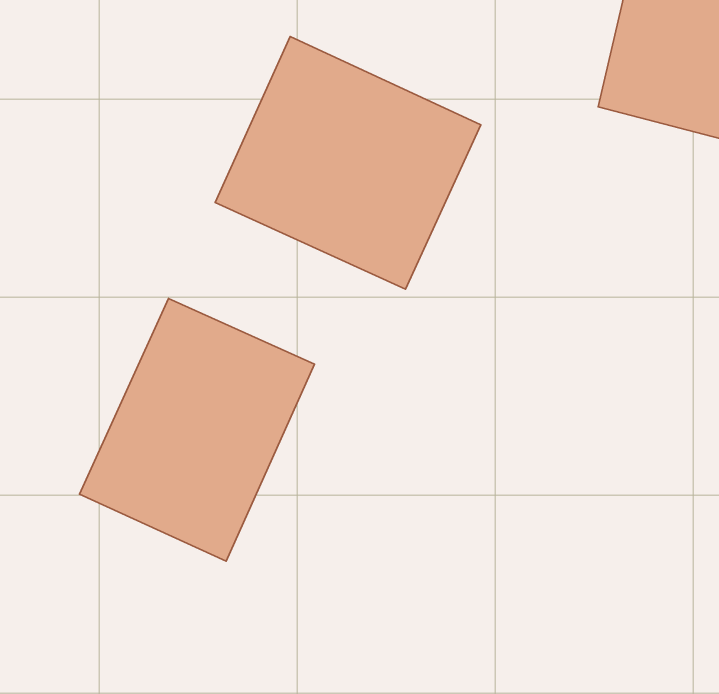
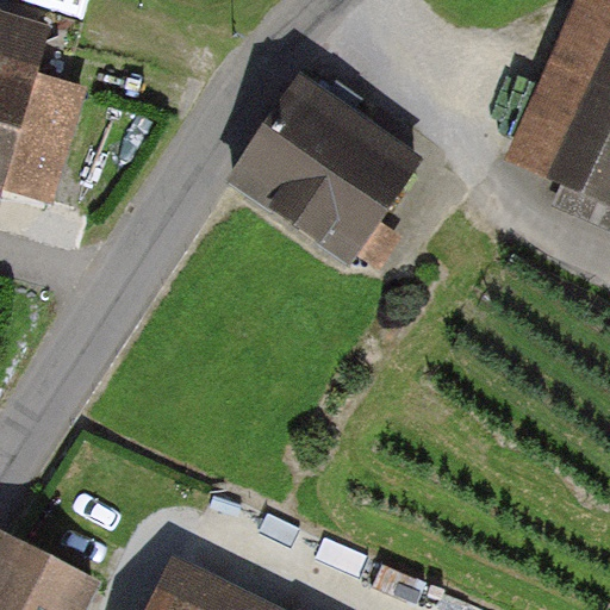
building: [79,298,314,561] -> none

